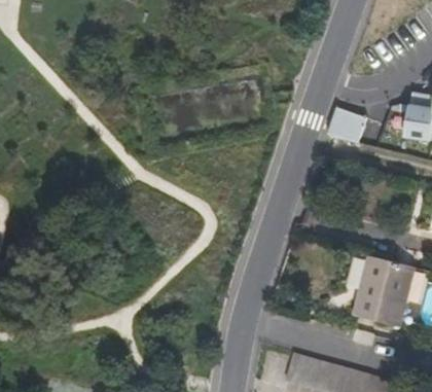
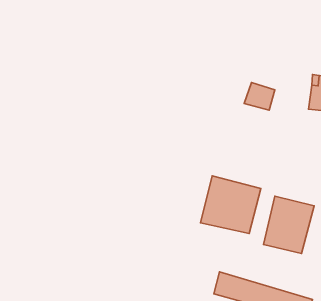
building: none -> [201,176,261,233]

